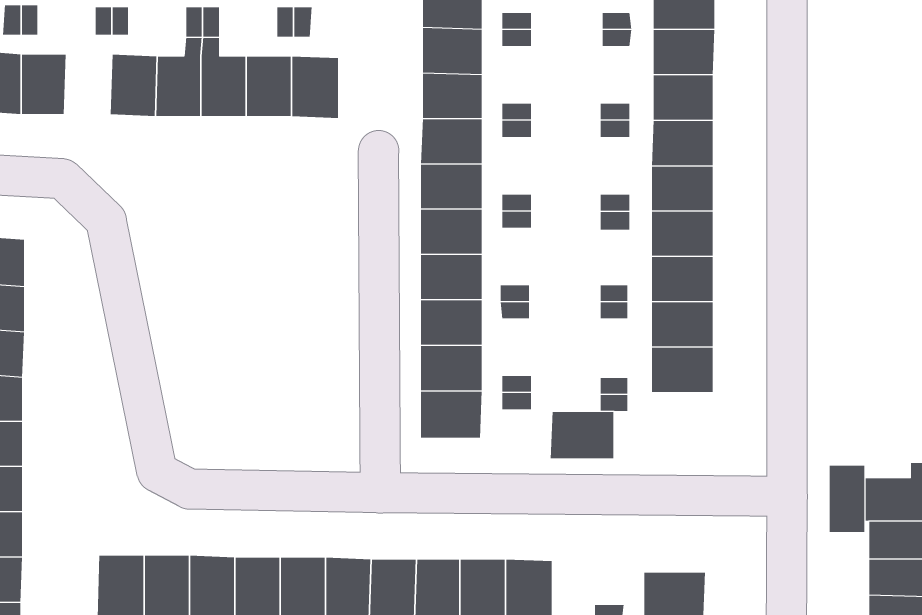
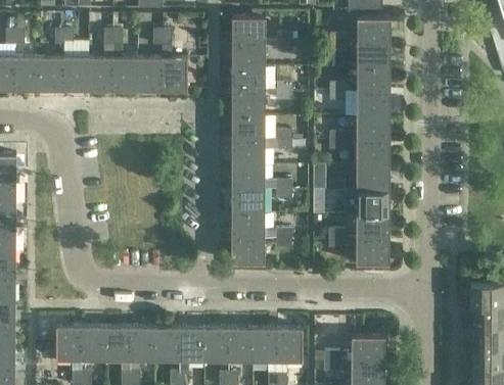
building: none -> [38,56,63,89]
building: [550,412,614,459] -> [354,239,388,264]
building: [829,465,865,533] -> none

